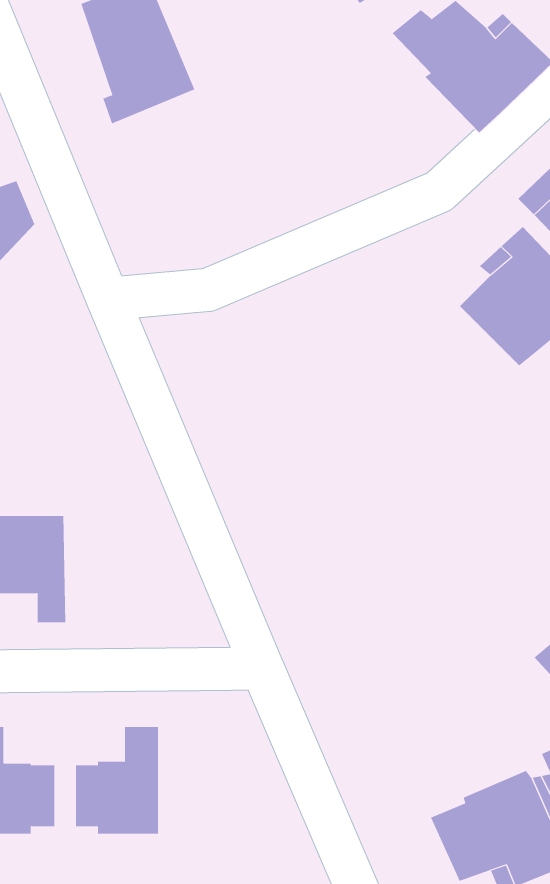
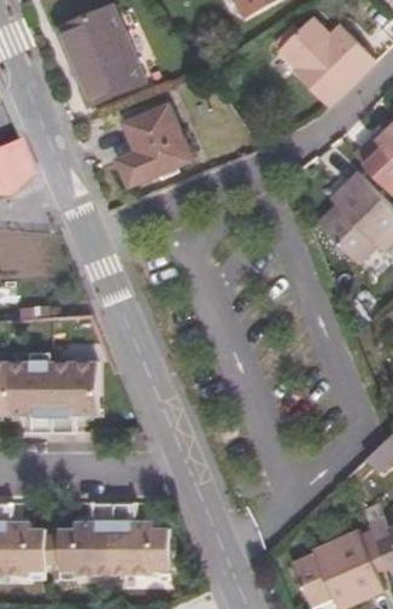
building: none -> [111,106,187,187]
building: none -> [53,359,98,432]
building: none -> [116,500,171,572]

